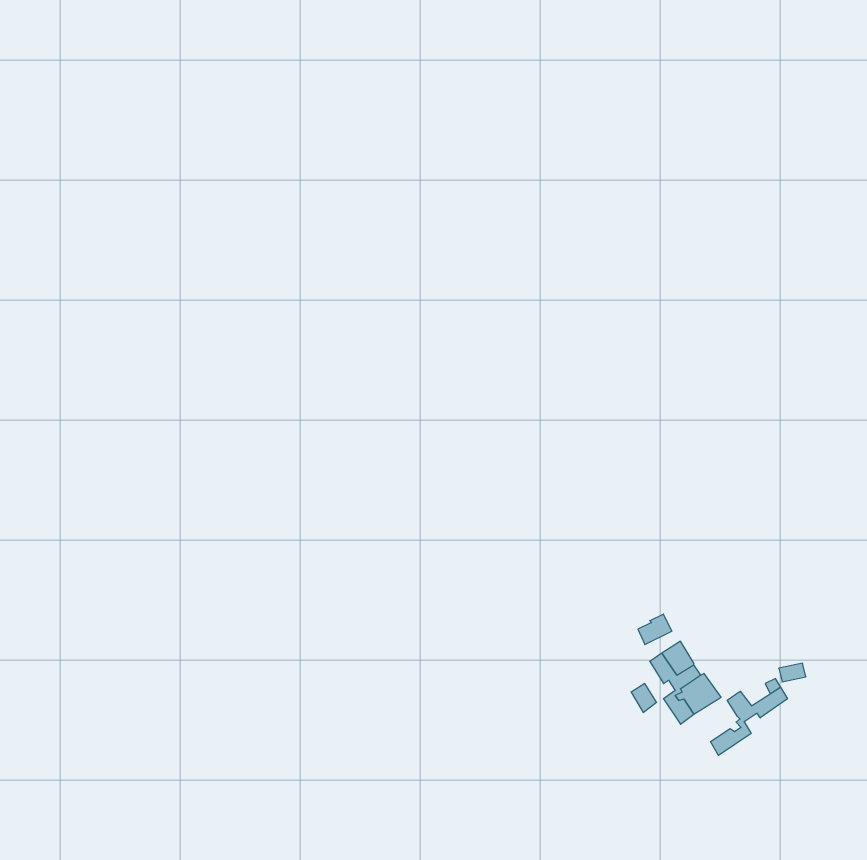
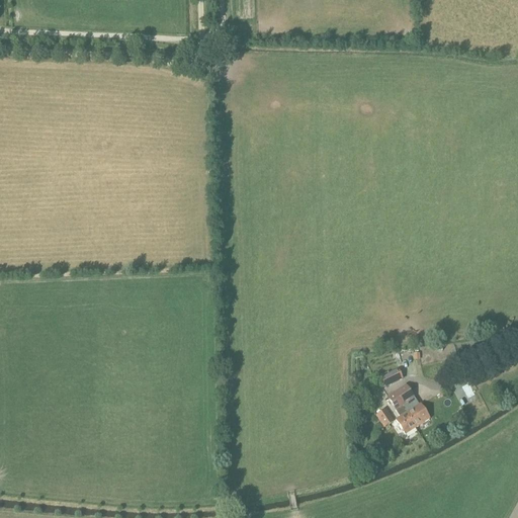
building: [711,687,787,755] -> none

